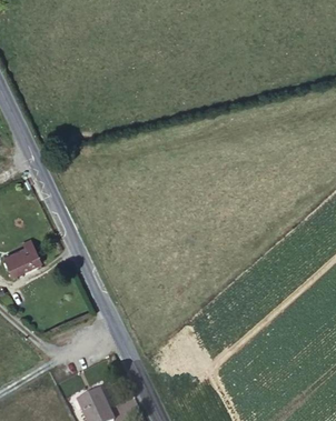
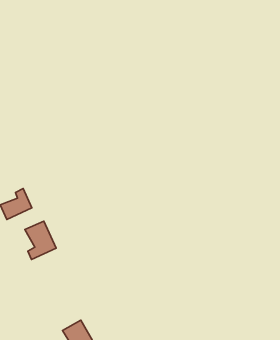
building: none -> [25,221,56,260]

